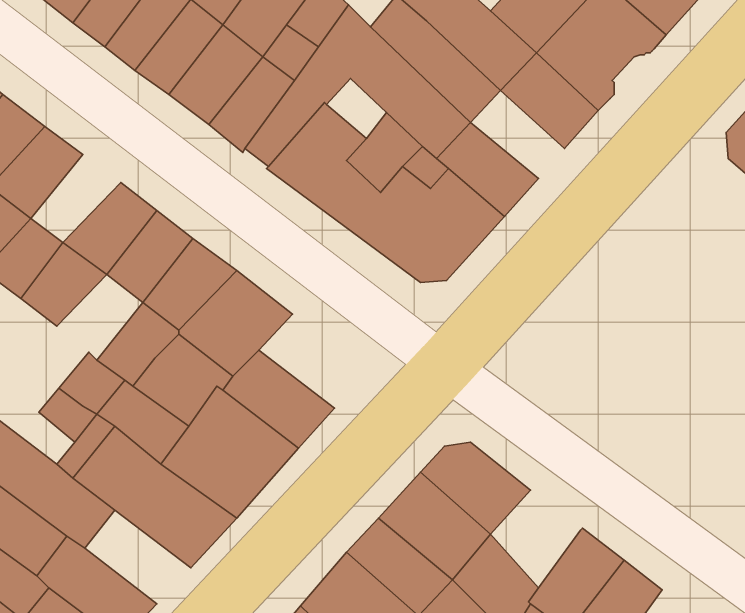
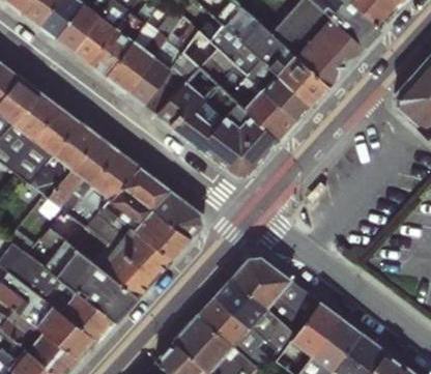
building: none -> [262,75,311,120]
building: none -> [34,108,81,153]
building: none -> [48,170,92,214]
building: none -> [152,191,203,239]
building: none -> [272,282,319,333]
building: none -> [62,292,117,341]

